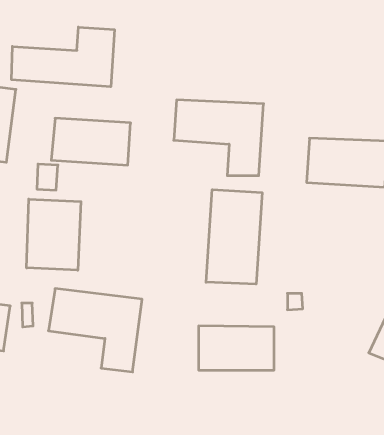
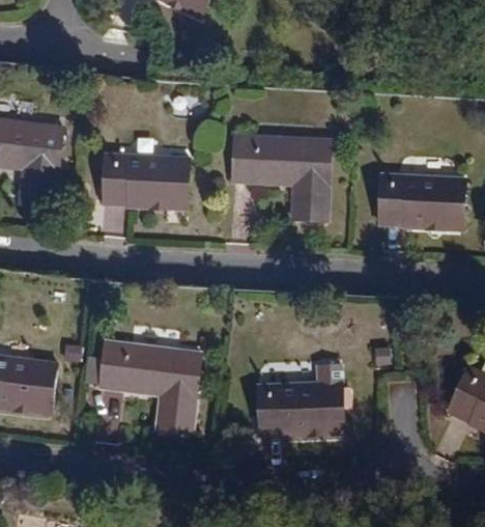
building: [12,27,114,87] -> none
building: [206,190,262,284] -> none
building: [27,199,81,270] -> none

